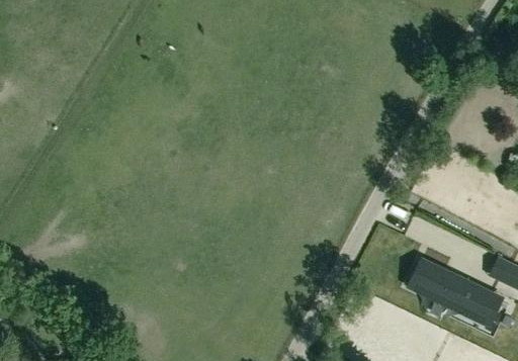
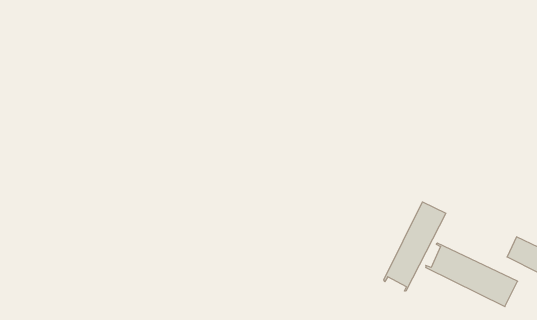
building: none -> [384,202,446,291]

